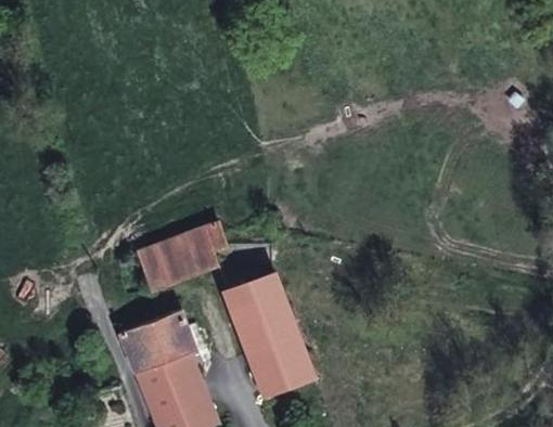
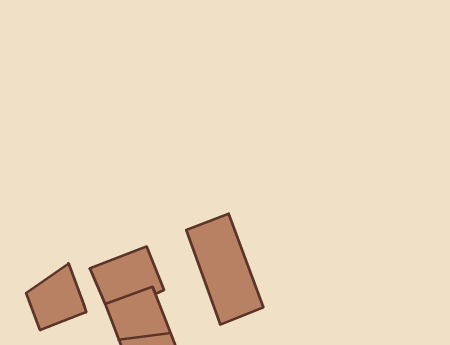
building: [140,221,229,289] -> none
building: none -> [26,263,86,330]

